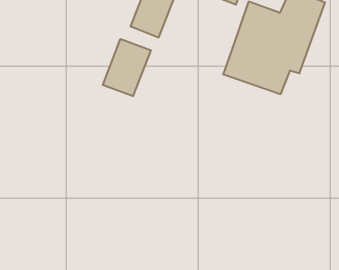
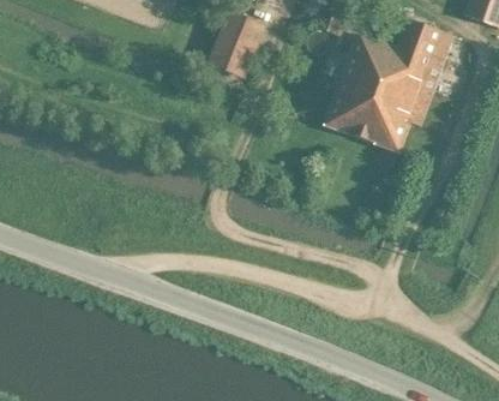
building: [103,39,151,96] -> none

